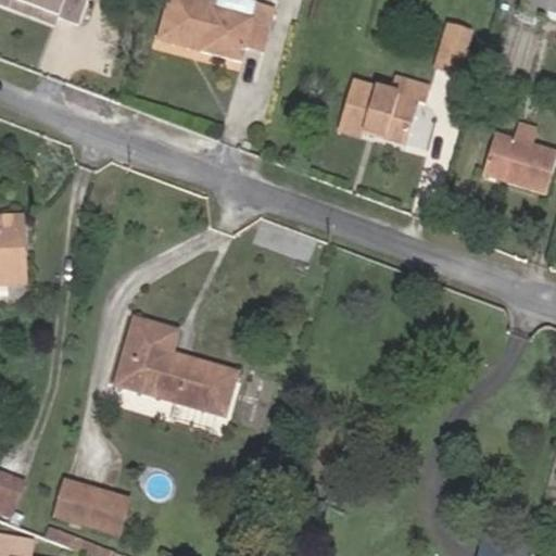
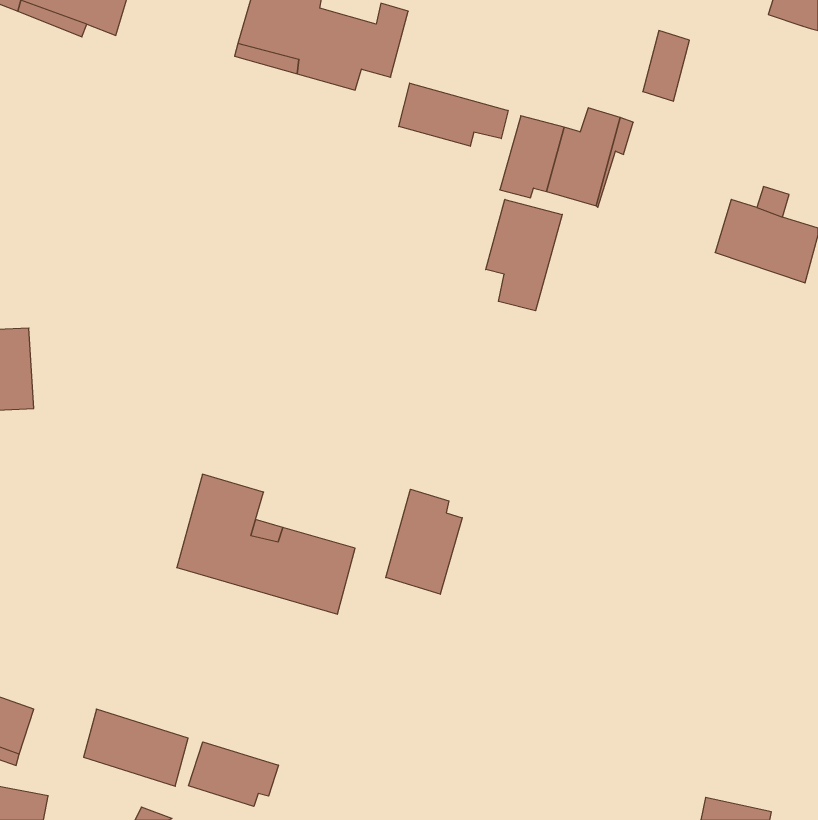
building: none -> [399,83,508,146]
building: none -> [486,199,562,311]
building: none -> [386,489,462,594]
building: none -> [188,742,278,806]

